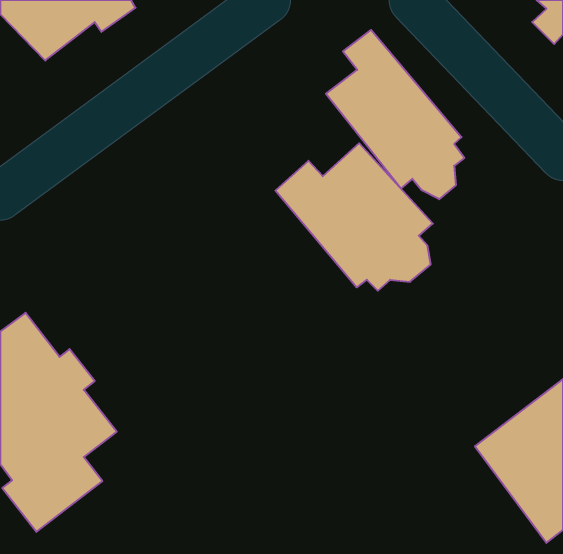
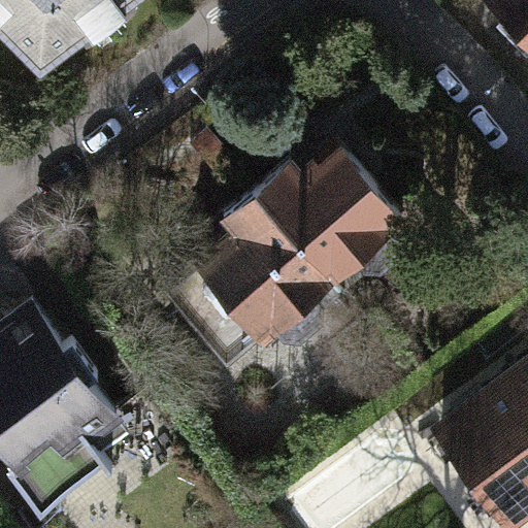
building: [326,30,464,199] -> none
building: none -> [166,187,335,362]

